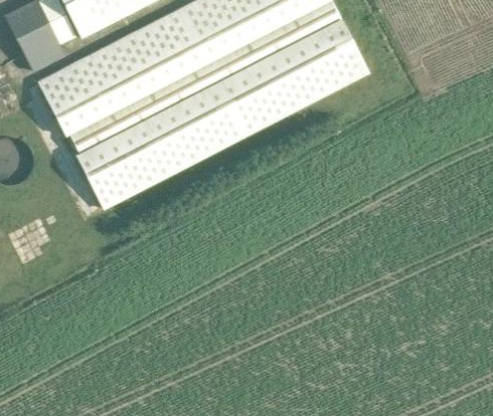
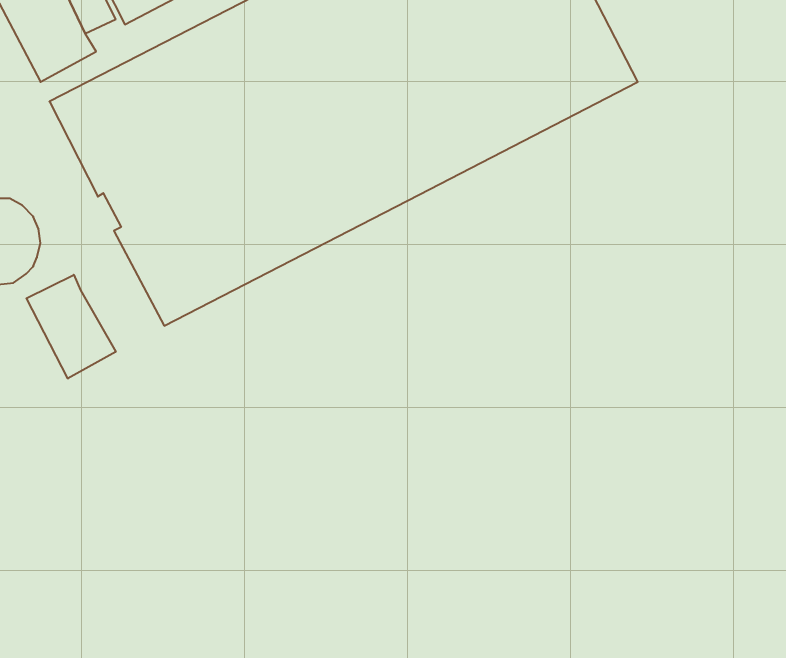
building: none -> [26,275,116,379]

